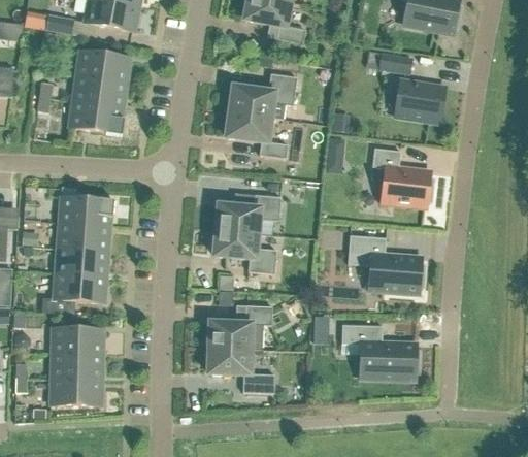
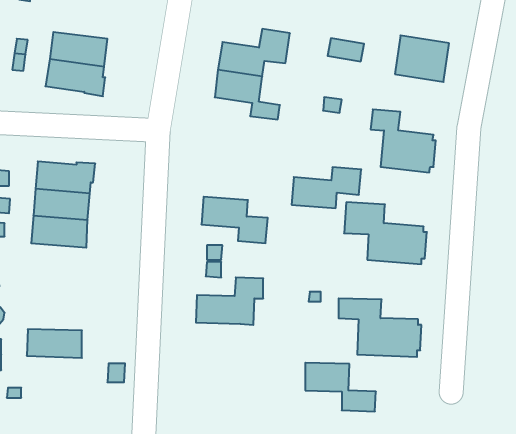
building: [75,50,130,81] -> none
building: [377,52,411,73] -> [328,38,364,61]
building: [216,194,280,232] -> [292,167,361,208]
building: [41,272,106,313] -> none
building: [52,327,103,354] -> none
building: [208,347,274,392] -> [305,363,376,411]
building: [50,378,102,405] -> none

